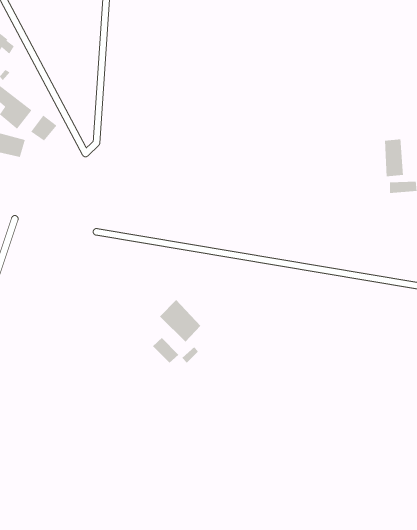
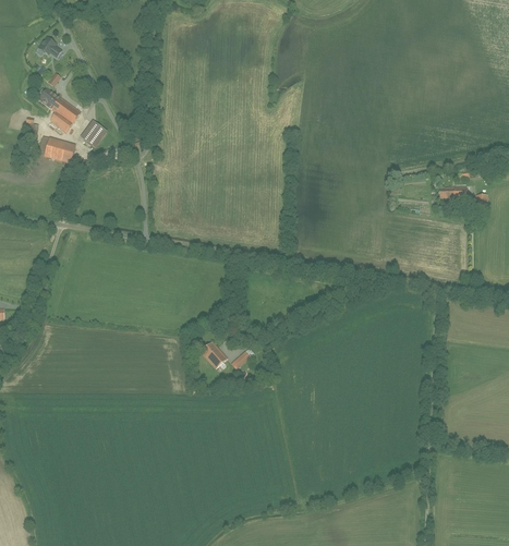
building: [384,138,404,177] -> none
building: [159,299,201,342] -> none

